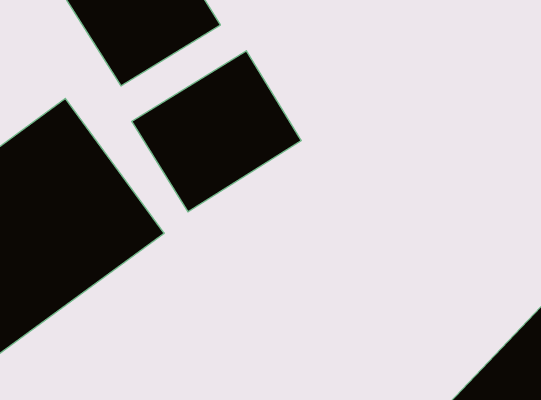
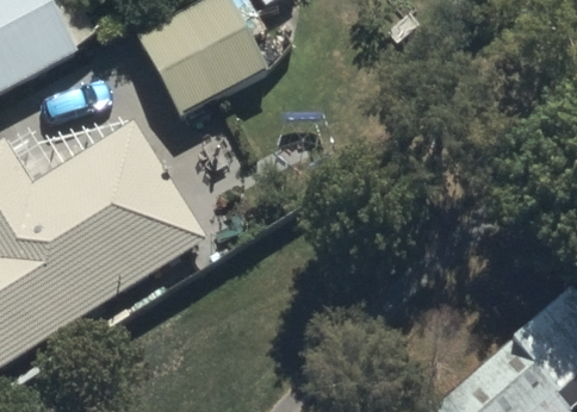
building: [132,51,301,212] -> none

